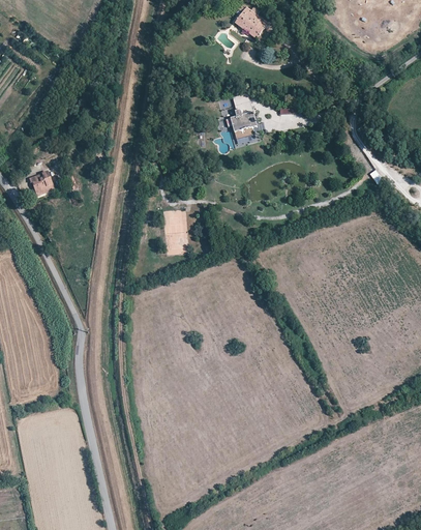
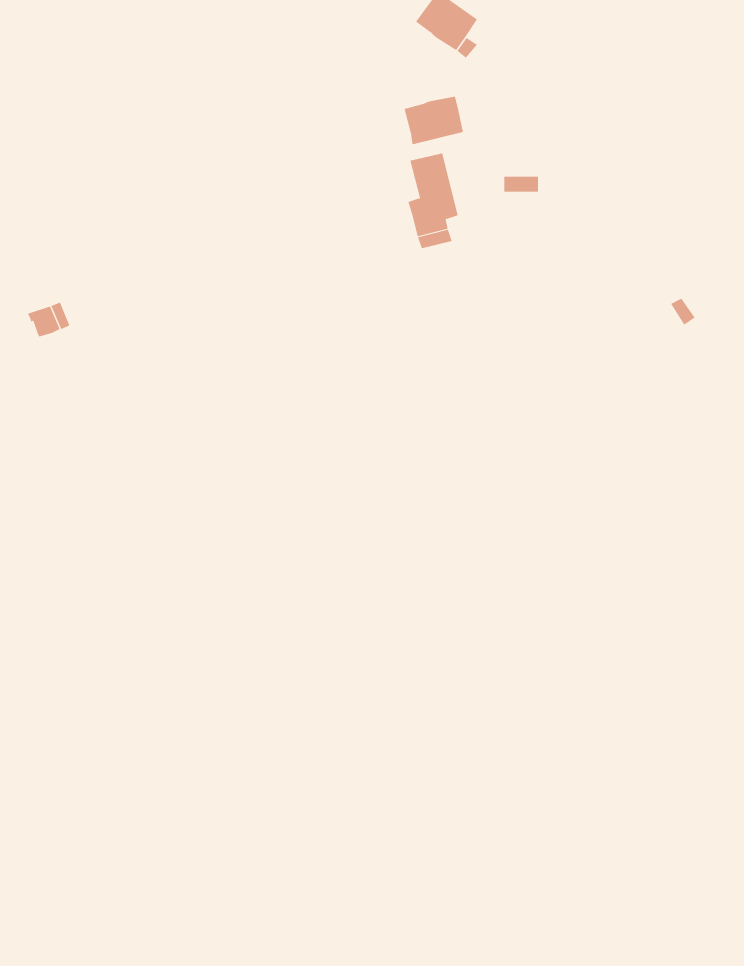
building: none -> [404,96,463,145]

